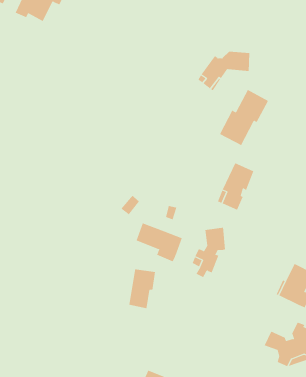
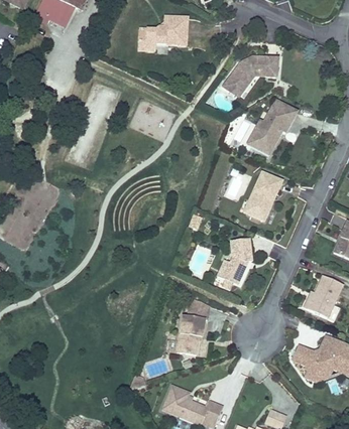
building: none -> [138,16,188,50]
building: [136,223,183,262] -> none
building: [129,269,156,309] -> [177,314,205,355]

